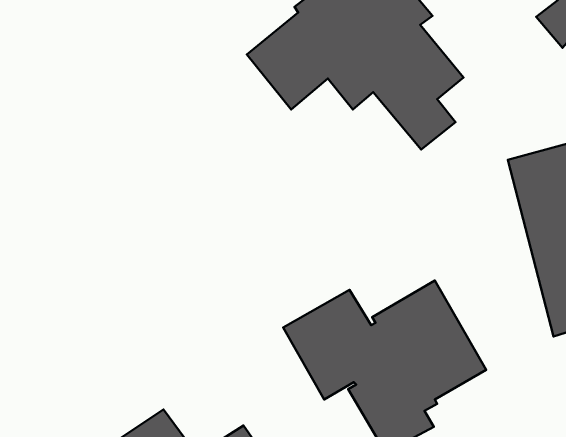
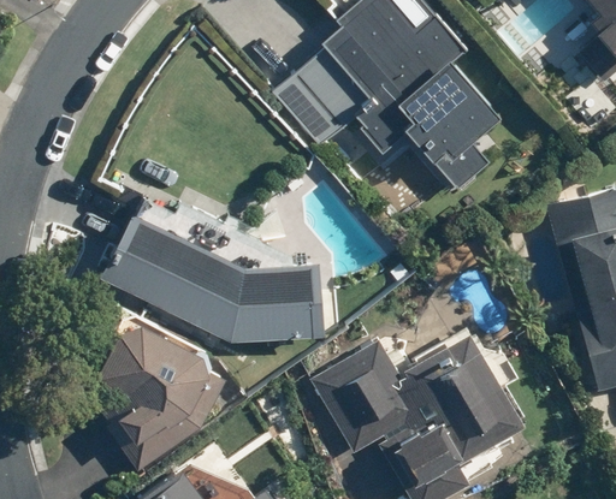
building: none -> [101,213,327,343]
building: none -> [100,314,214,473]

